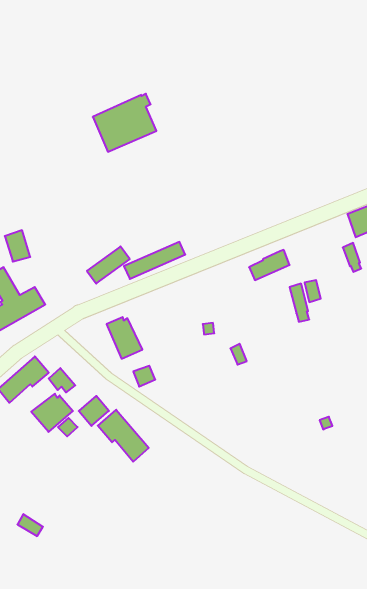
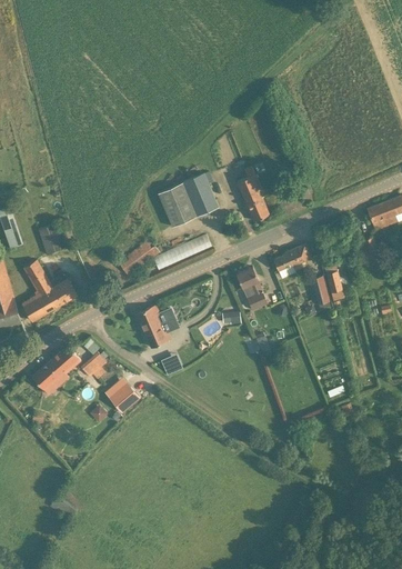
building: [93,94,156,152] -> [158,171,219,227]
building: none -> [238,167,270,221]
building: none -> [237,267,268,309]
building: [31,394,73,432] -> none
building: [98,410,149,462] -> none

